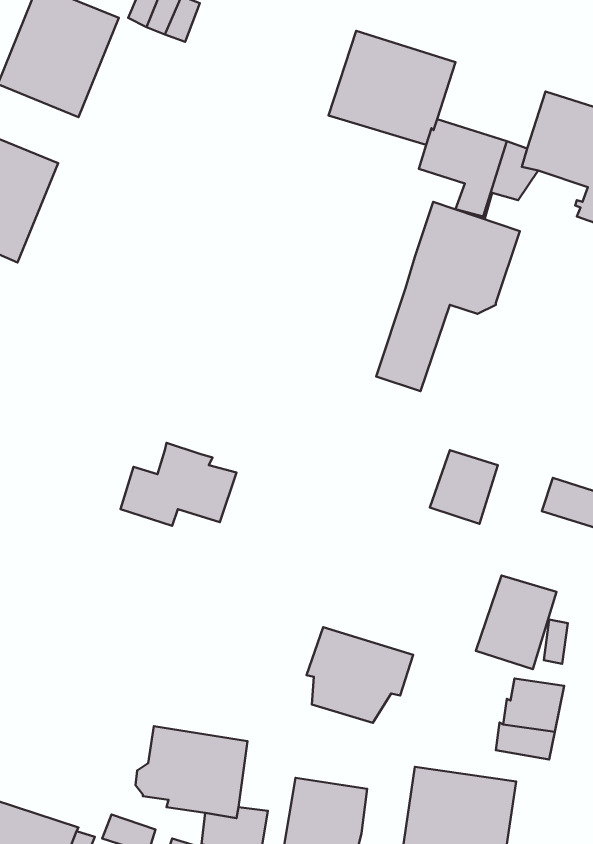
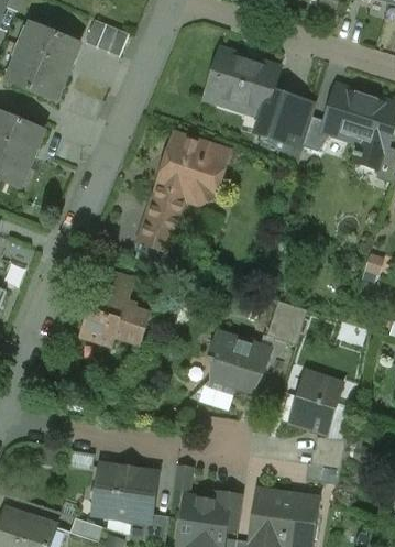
building: [376,202,520,391] -> [141,134,227,248]
building: none -> [97,270,134,302]
building: [306,627,413,723] -> [207,331,271,389]
building: none -> [213,491,242,529]

